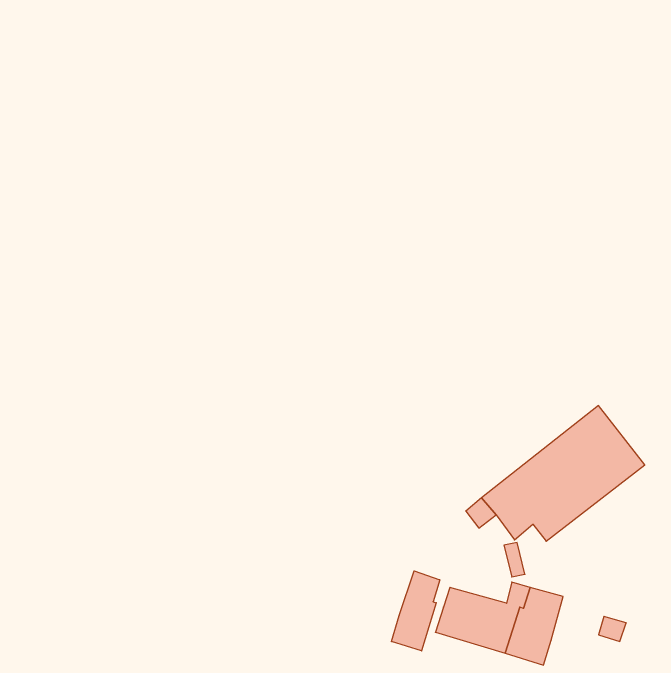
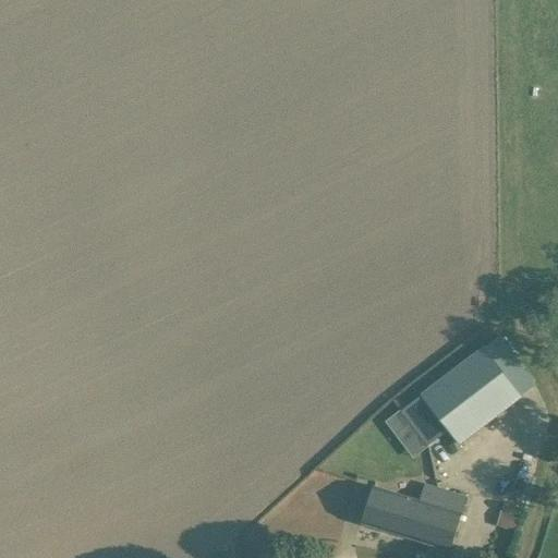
building: [391,571,440,651] -> none

